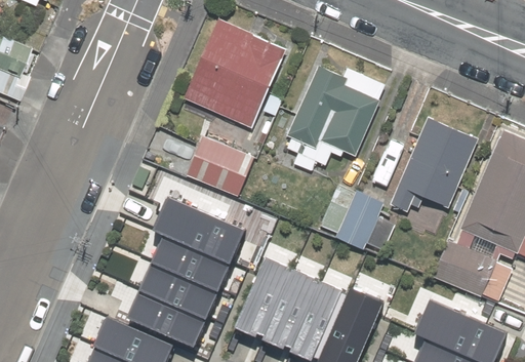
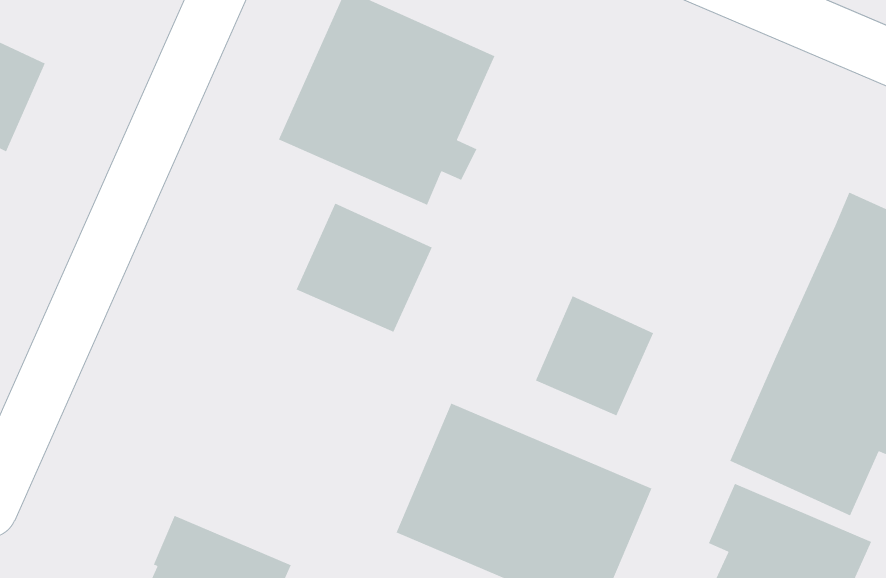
building: [273,66,385,183] -> none
building: [385,119,488,222] -> none
building: [129,192,247,343] -> none

